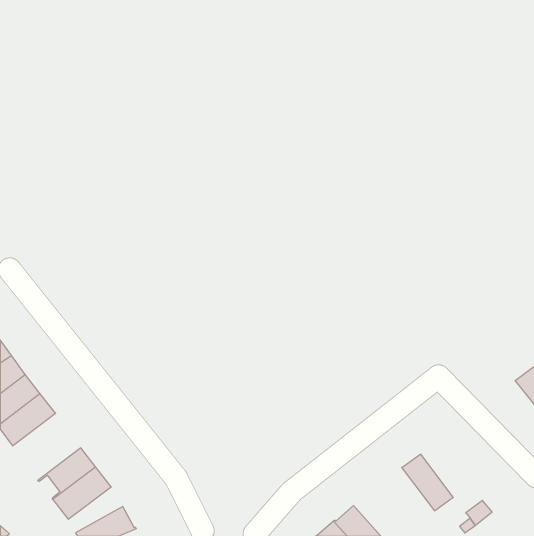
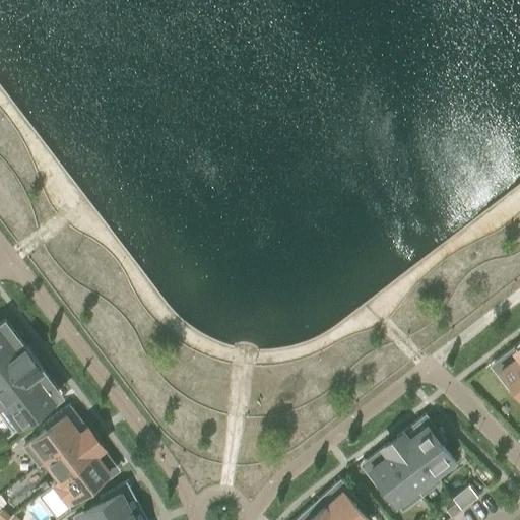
building: none -> [24,414,80,465]
building: none -> [409,425,458,481]
building: none -> [372,453,422,510]

